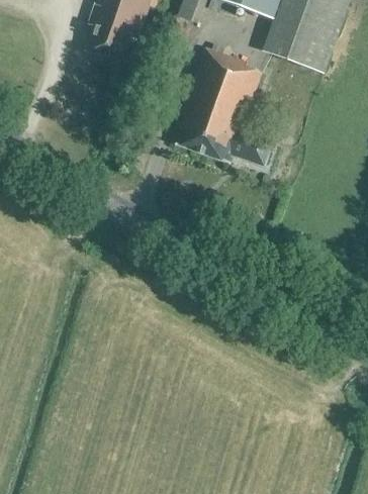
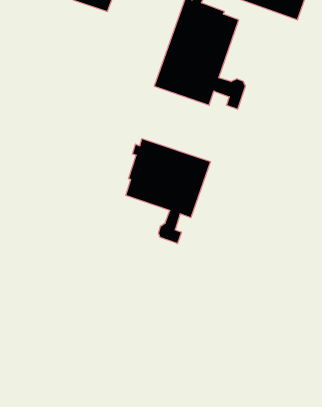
building: none -> [126,139,210,244]

